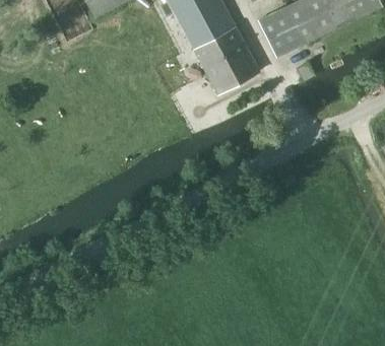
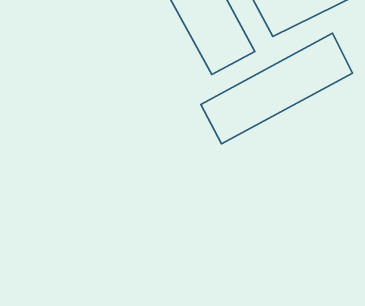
building: none -> [201,33,352,144]

